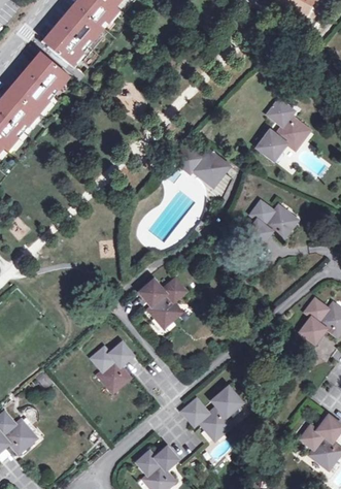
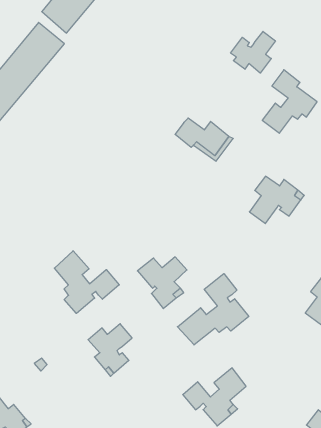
building: none -> [231,31,275,73]
building: none -> [54,251,119,313]
building: none -> [177,274,249,345]

